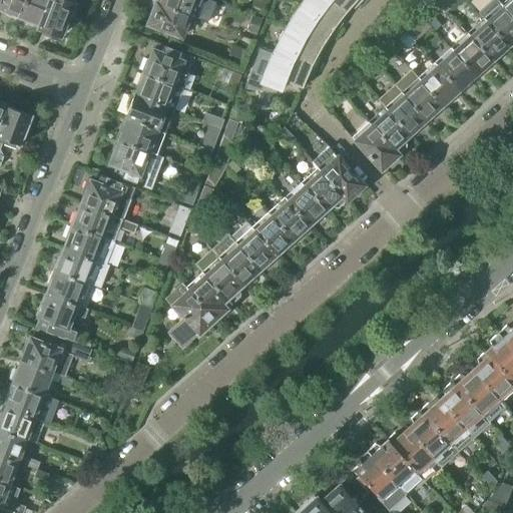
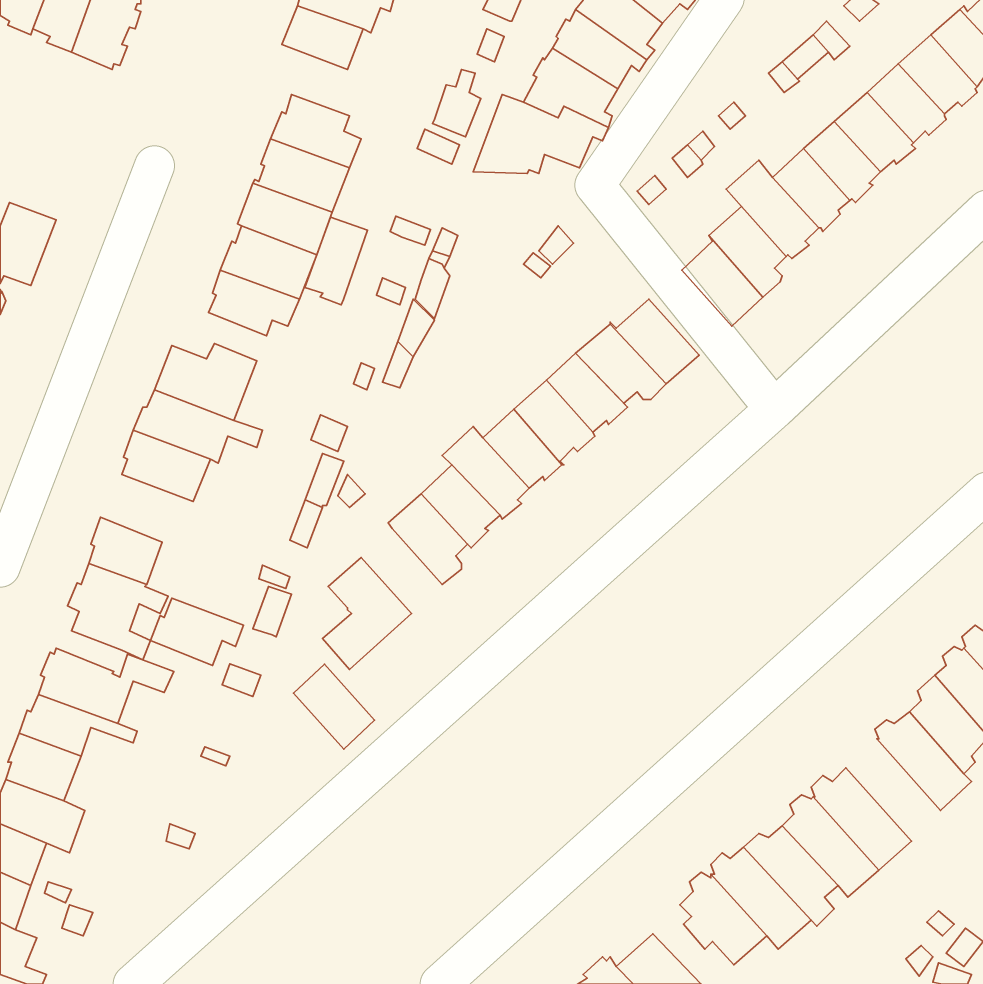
building: none -> [305,217,367,305]
building: [54,246,102,282] -> [151,598,243,666]
building: [189,275,231,319] -> [293,664,375,749]
building: [441,384,491,437] -> none

